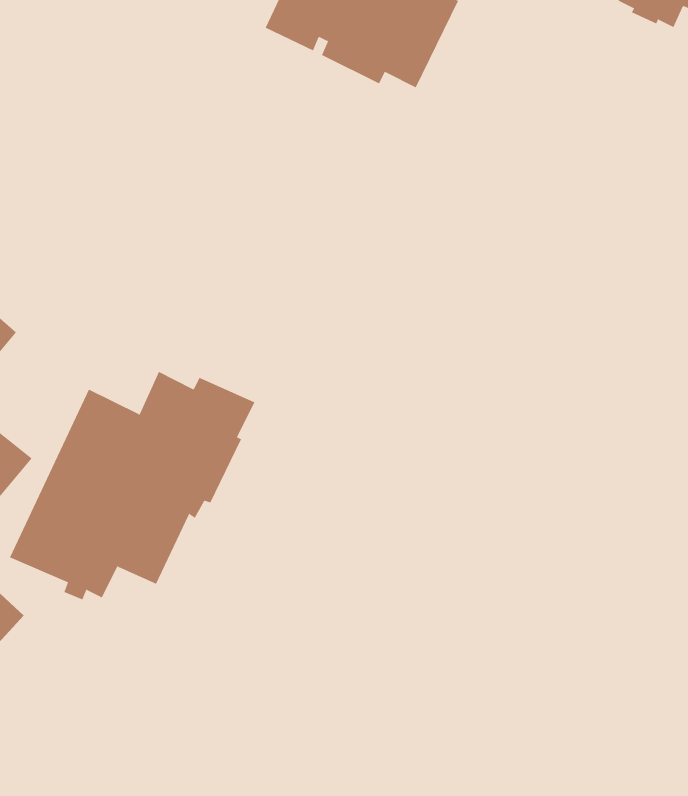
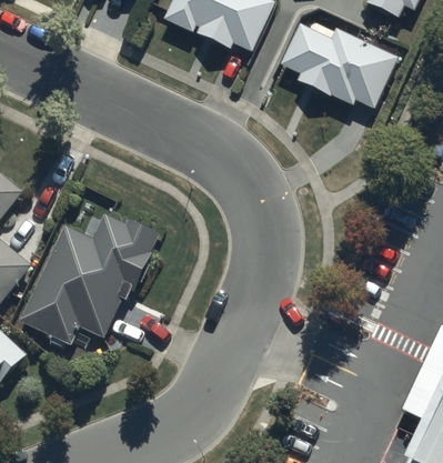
building: none -> [281,22,397,107]

